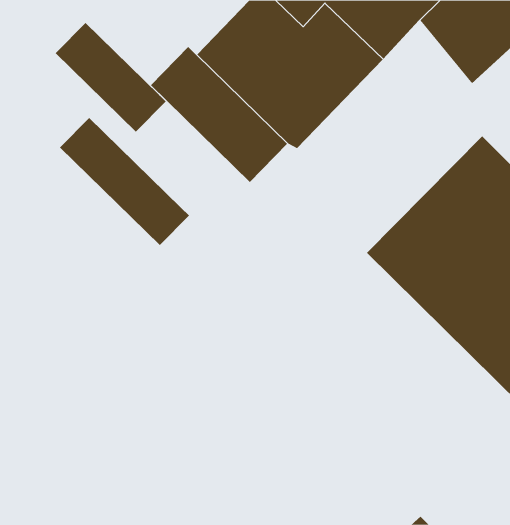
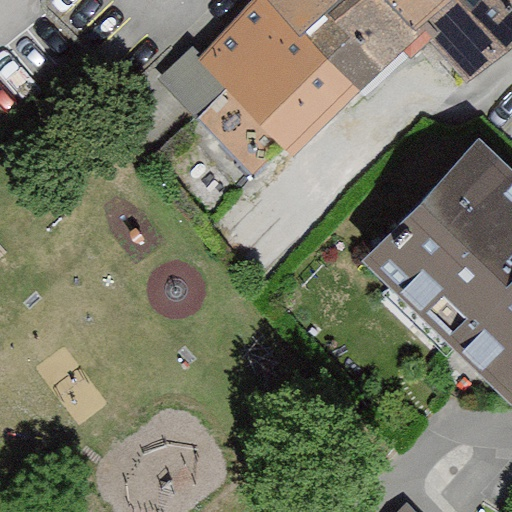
building: [55,22,167,133] -> none
building: [59,117,190,246] -> none

